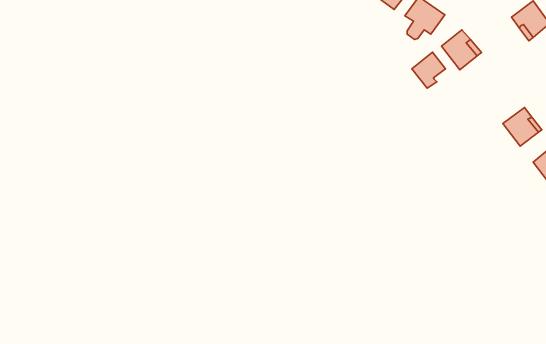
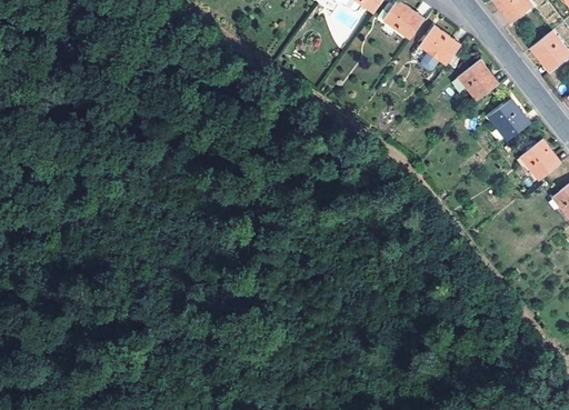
building: [412,52,445,88] -> none
building: none -> [489,100,529,140]

